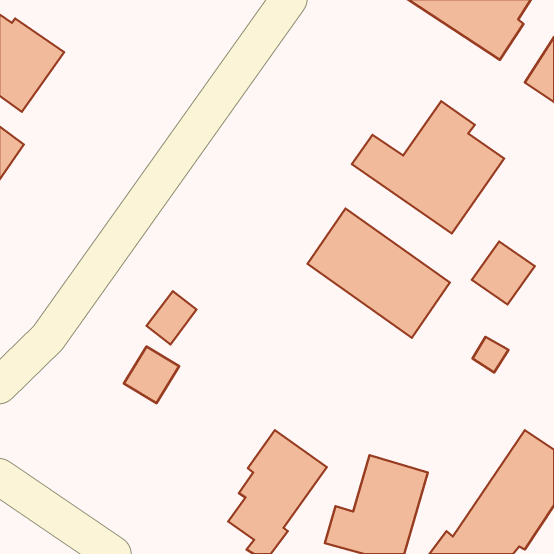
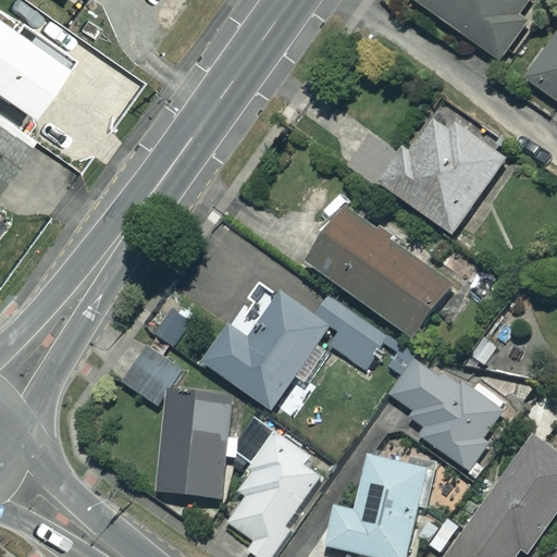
building: [472,241,535,305] -> none
building: none -> [202,284,391,409]
building: none -> [388,346,509,482]
building: none -> [159,392,232,499]

